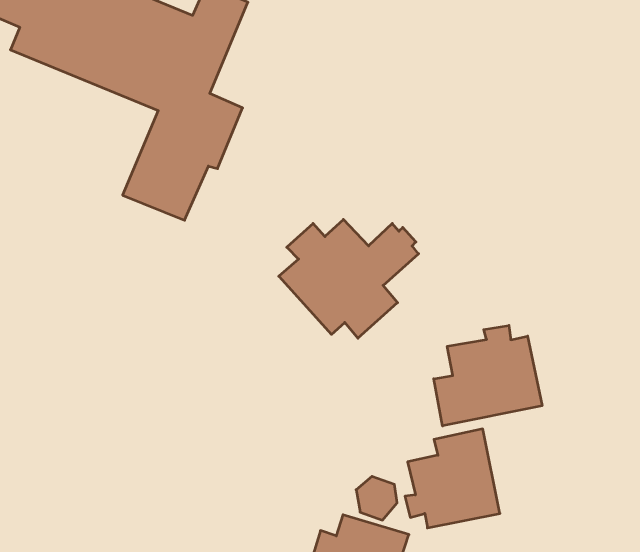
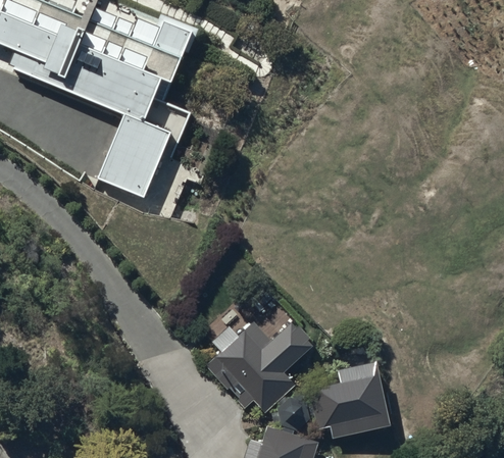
building: [279,219,419,338] -> [203,319,311,411]
building: [434,325,542,426] -> none

